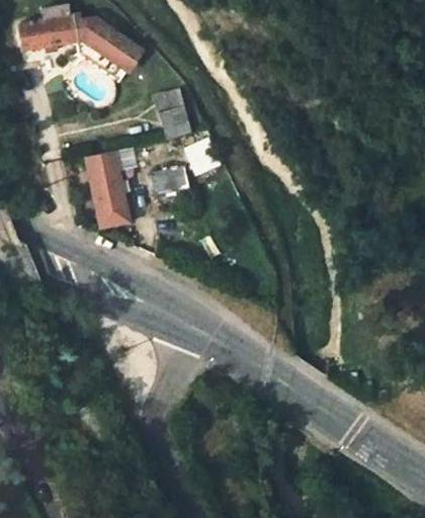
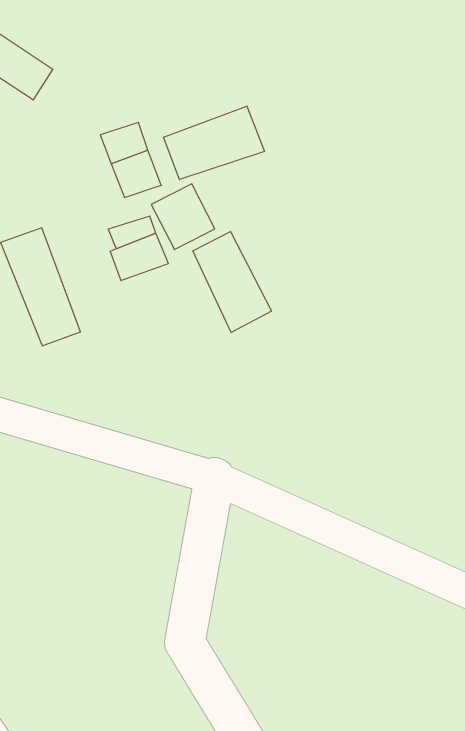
building: none -> [164,106,265,180]
building: none -> [193,231,271,333]

